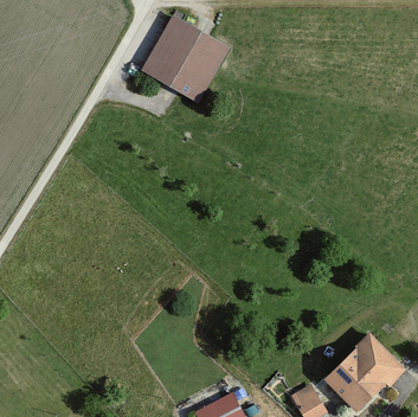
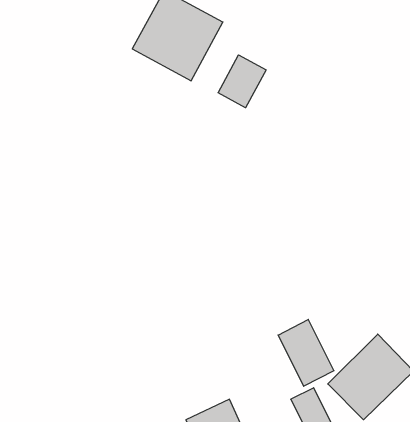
building: none -> [218,55,266,108]
building: none -> [278,319,334,386]

